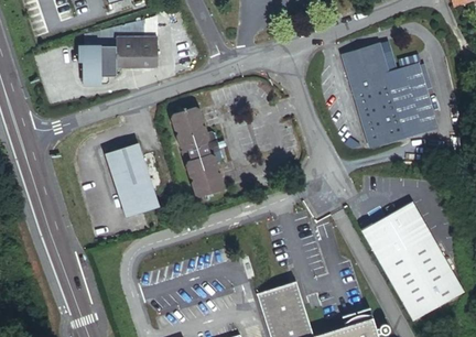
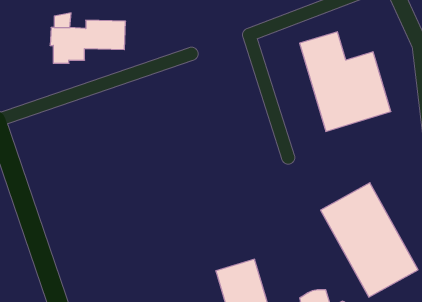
building: [172,109,226,198] -> none
building: [108,144,159,218] -> none

